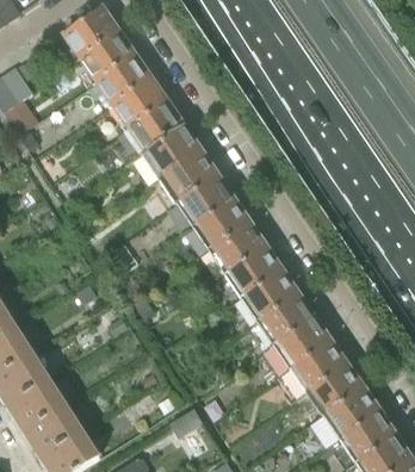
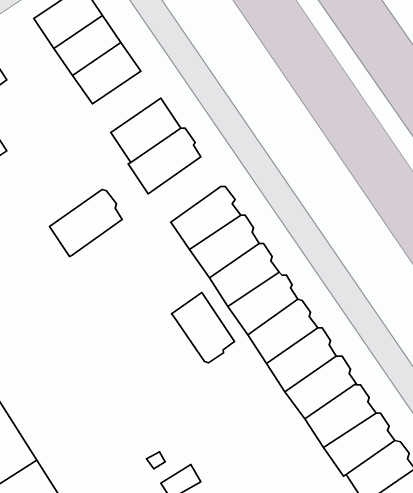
building: [111,77,168,129] -> none
building: [157,149,218,205] -> [49,190,122,257]
building: none -> [171,293,234,363]

